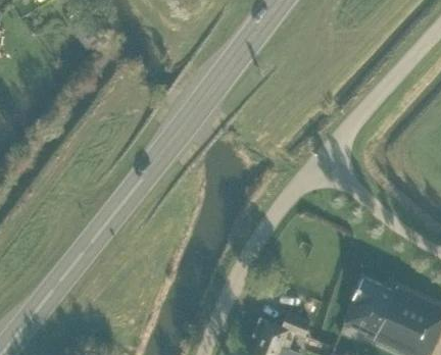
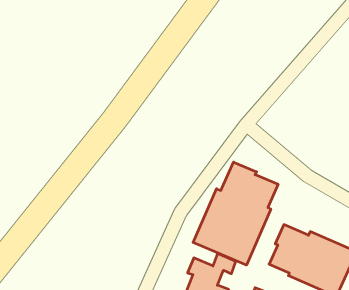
building: none -> [193,162,278,265]

